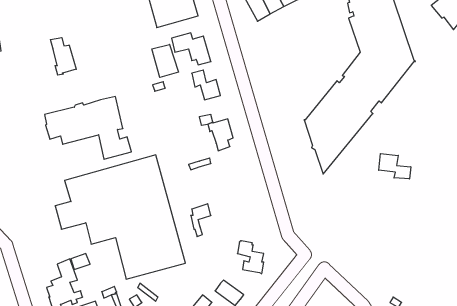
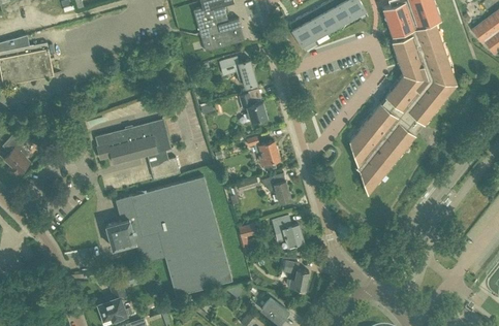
building: [50,38,76,75] -> none
building: [152,44,178,77] -> none
building: none -> [261,172,290,202]
building: [379,154,411,179] -> none
building: none -> [272,215,303,247]

